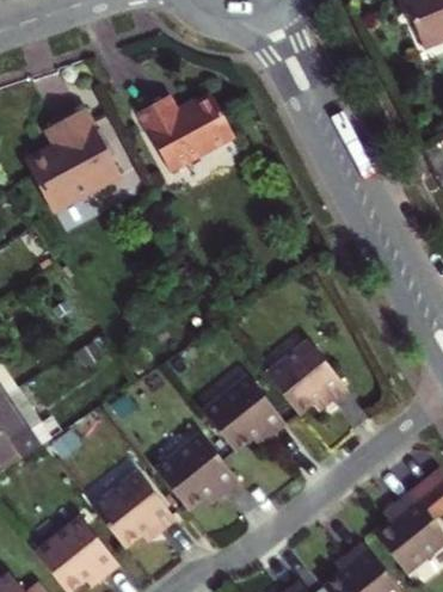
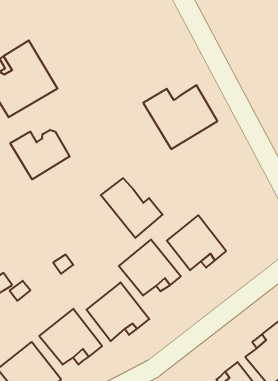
building: [128,80,229,167] -> [143,85,217,149]
building: none -> [10,130,70,179]
building: none -> [101,178,163,238]

